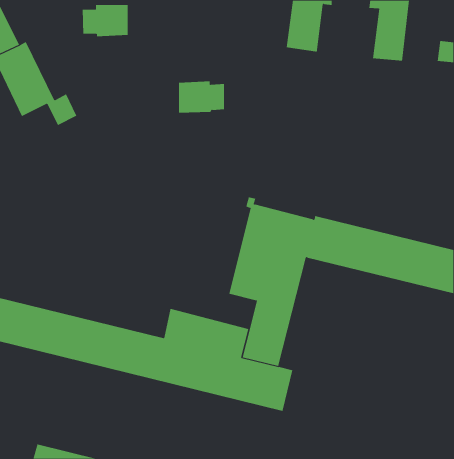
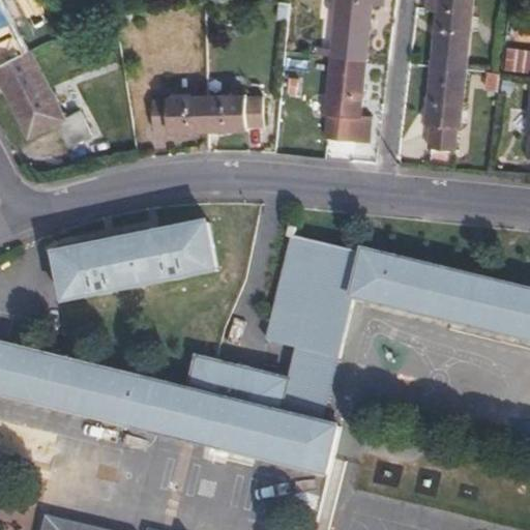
building: [82,5,129,37] -> [151,95,205,132]
building: none -> [322,55,369,144]
building: none -> [422,67,464,149]
building: none -> [55,224,213,301]

